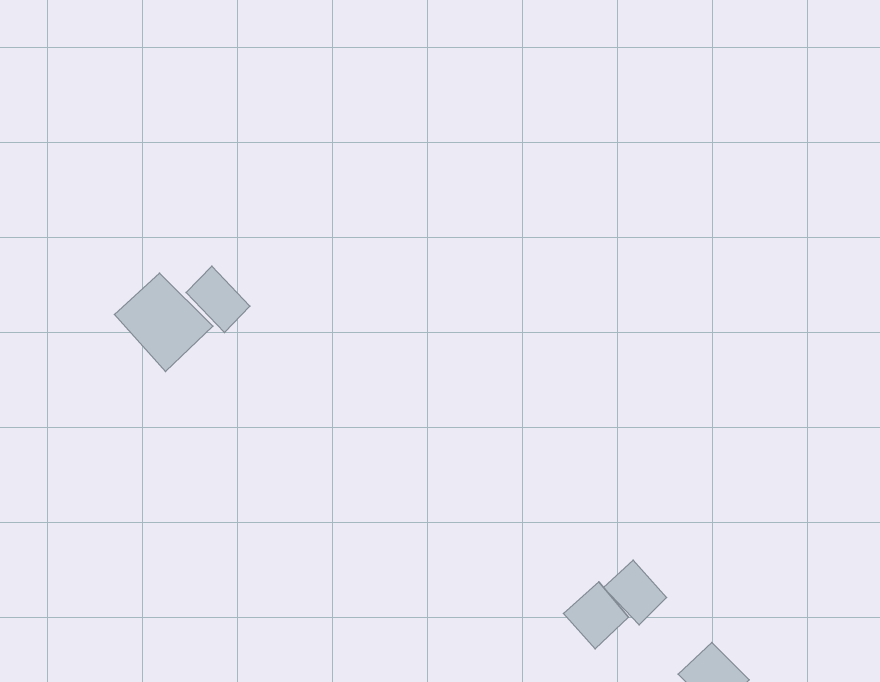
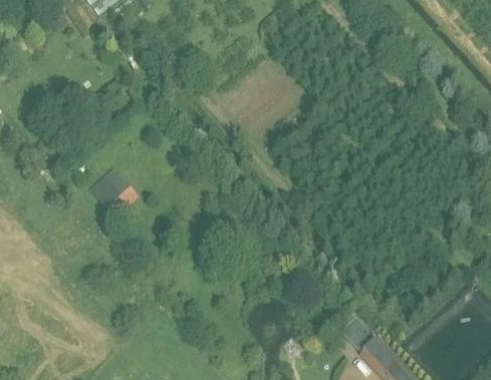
building: [186,266,250,333] -> none
building: [564,582,628,649] -> [360,336,394,370]

